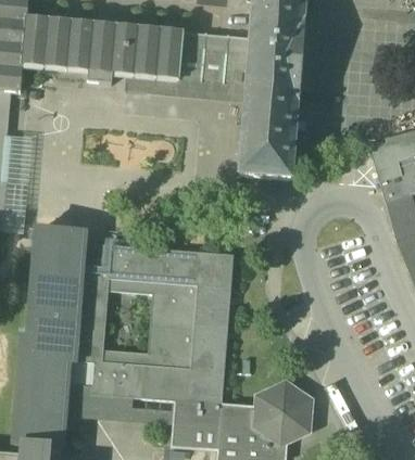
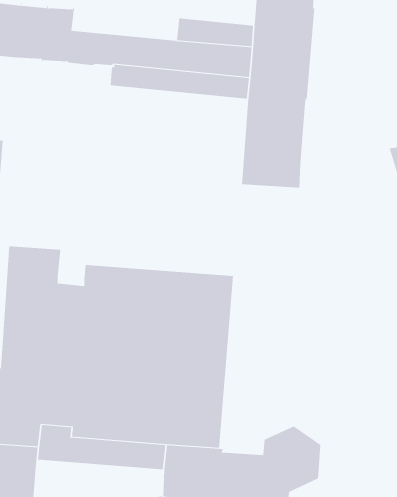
building: [93,21,186,49] -> none

